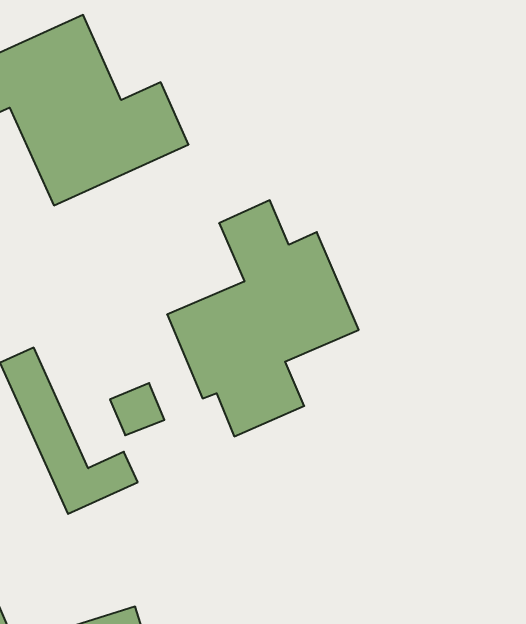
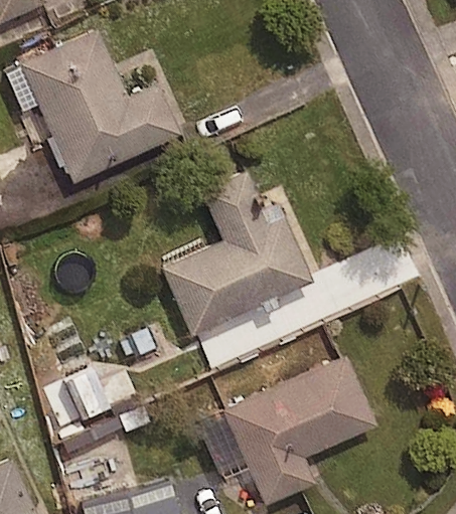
building: none -> [216,358,374,504]

